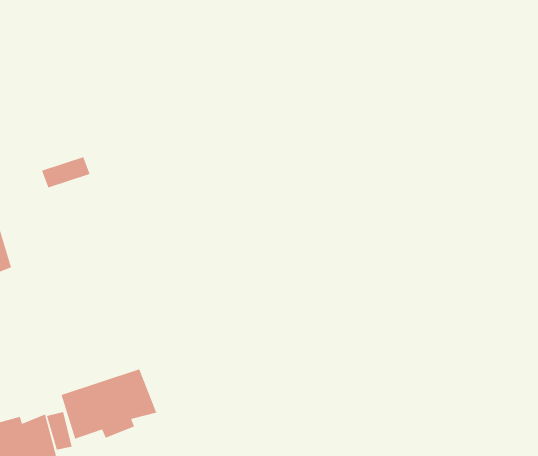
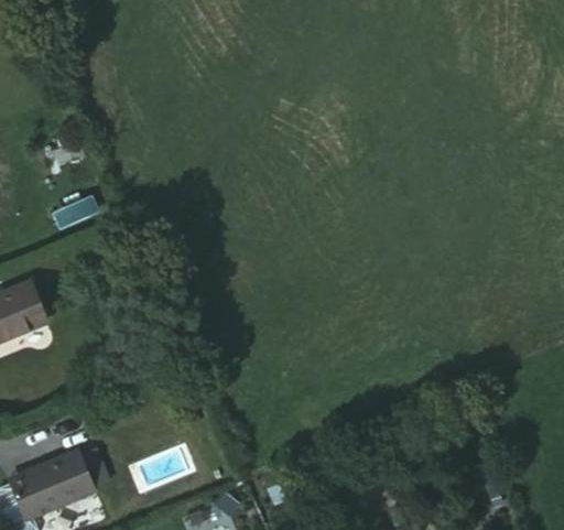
building: [61,369,158,439] -> none

